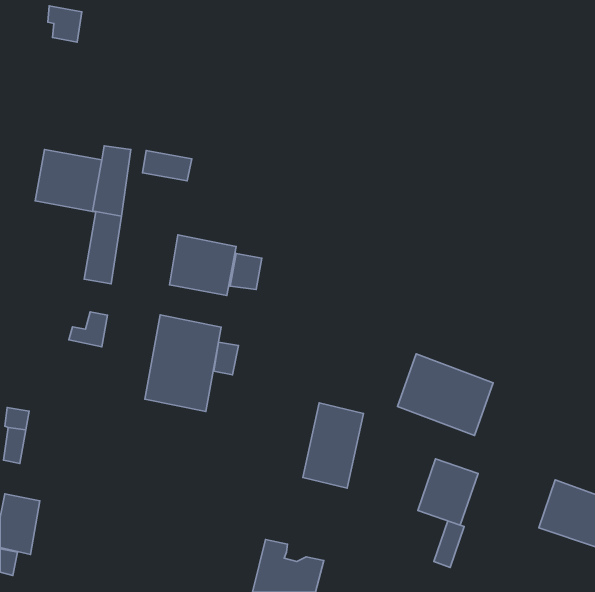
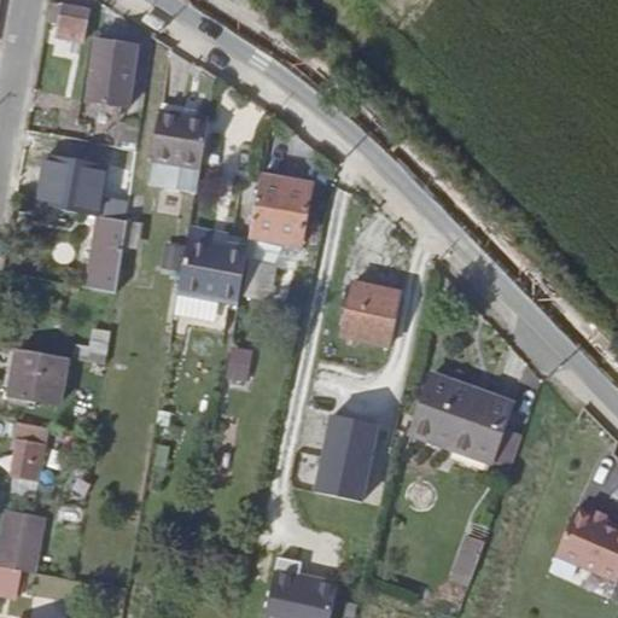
building: none -> [92,43,139,107]
building: none -> [150,99,208,164]
building: none -> [250,179,313,249]
building: none -> [338,282,398,348]
building: [145,315,221,411] -> none
building: none -> [8,350,63,404]
building: [418,459,478,525] -> none

